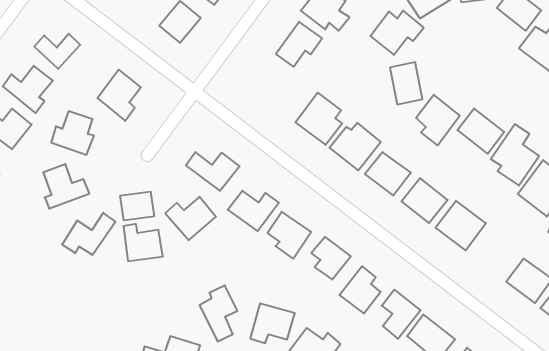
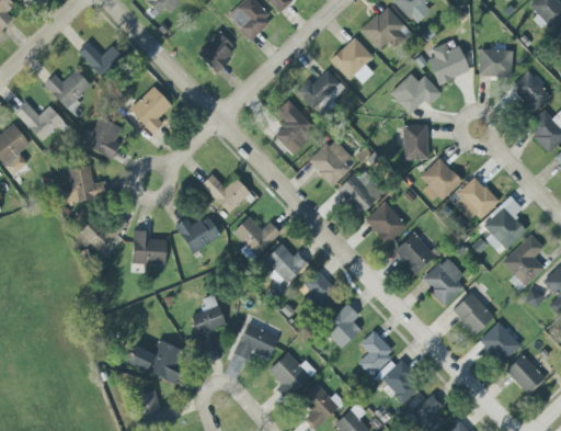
building: none -> [274,105,316,152]
building: [120,192,154,220] -> none
building: none -> [450,292,493,336]

